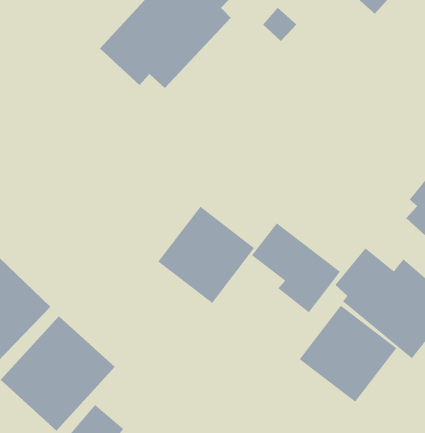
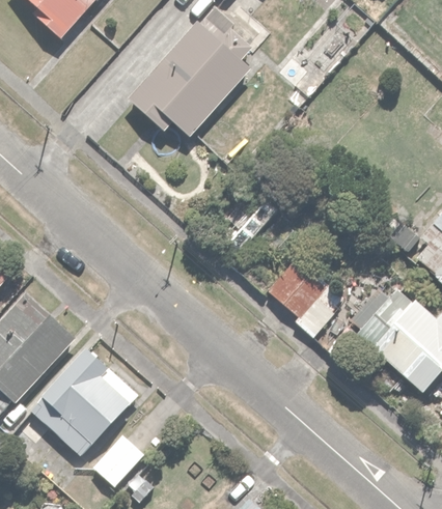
building: [158,206,255,304] -> none
building: [299,305,397,402] -> none

